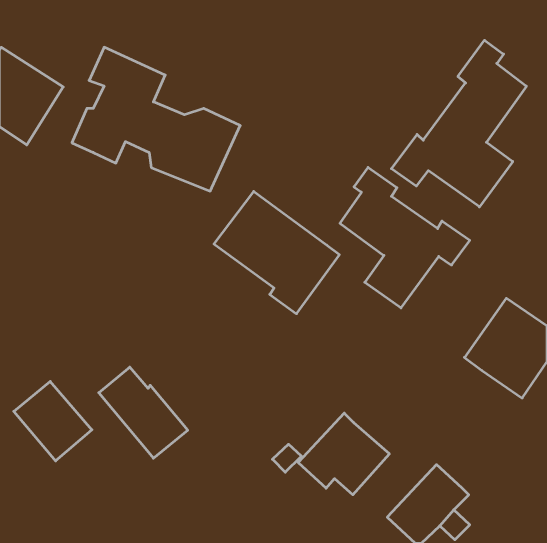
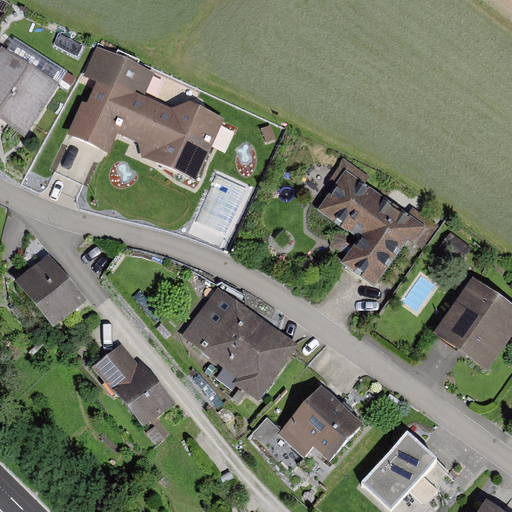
building: [391,40,526,207] -> none
building: [214,191,339,314] -> [181,286,298,400]
building: [14,381,92,461] -> [14,254,87,328]

